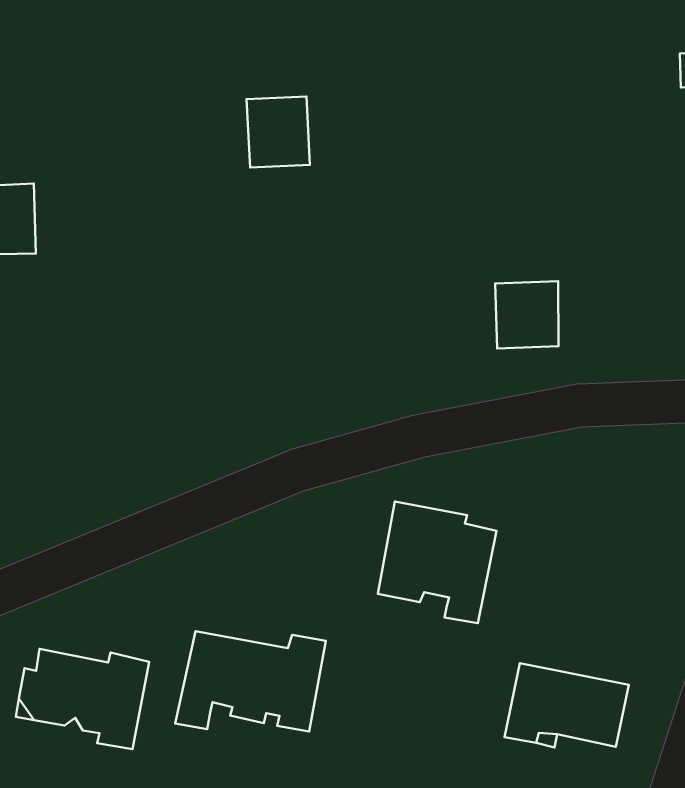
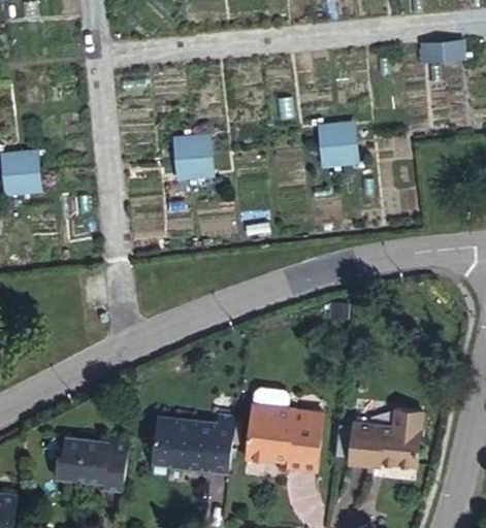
building: [247,97,310,167] -> [173,136,215,182]
building: [495,281,559,348] -> [319,124,360,167]
building: [378,501,497,623] -> [245,402,314,472]

